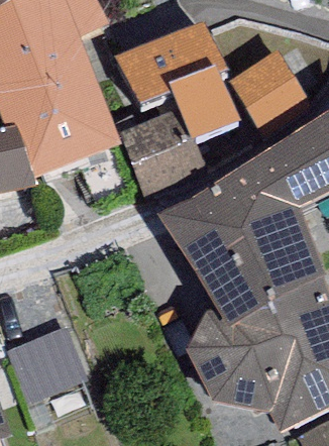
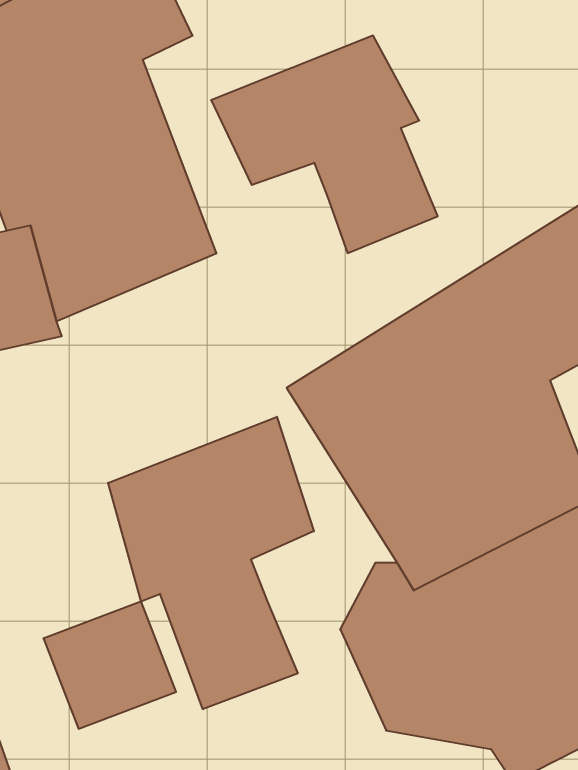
building: [232,49,310,133] -> none
building: [121,110,208,200] -> none
building: none -> [108,417,314,709]

